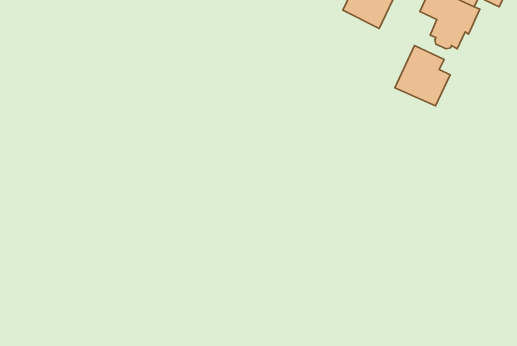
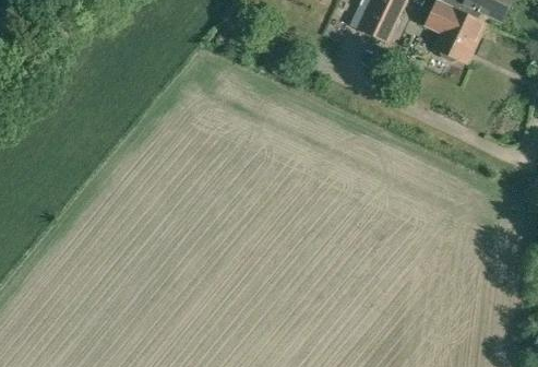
building: [395,45,450,106] -> none

